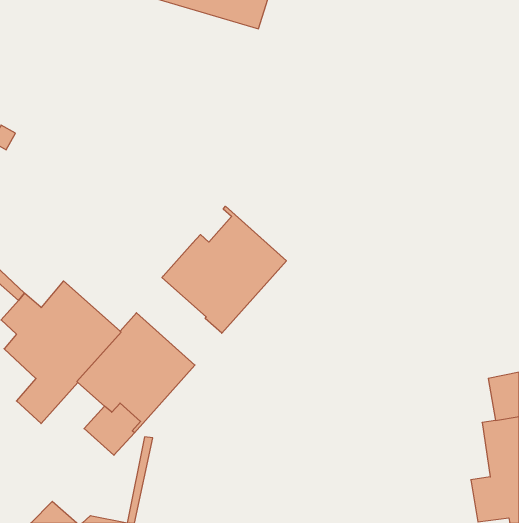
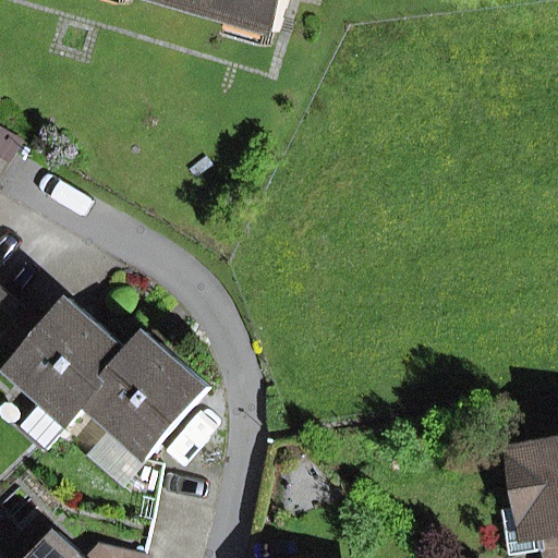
building: [162,206,286,333] -> none

